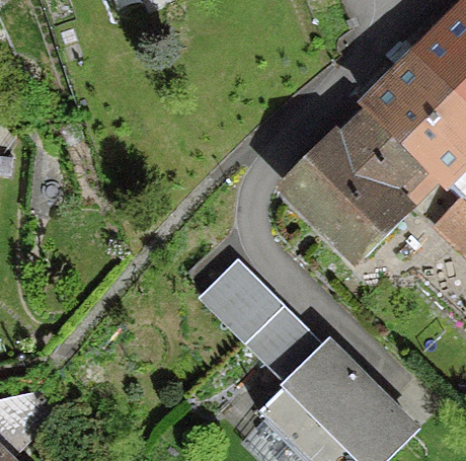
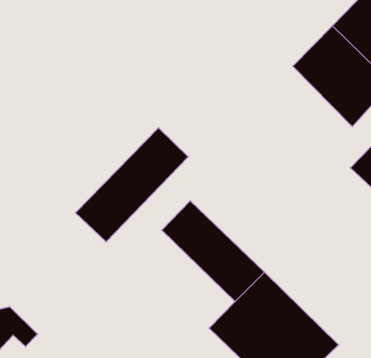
building: [284,107,434,259] -> none
building: none -> [75,128,188,242]

